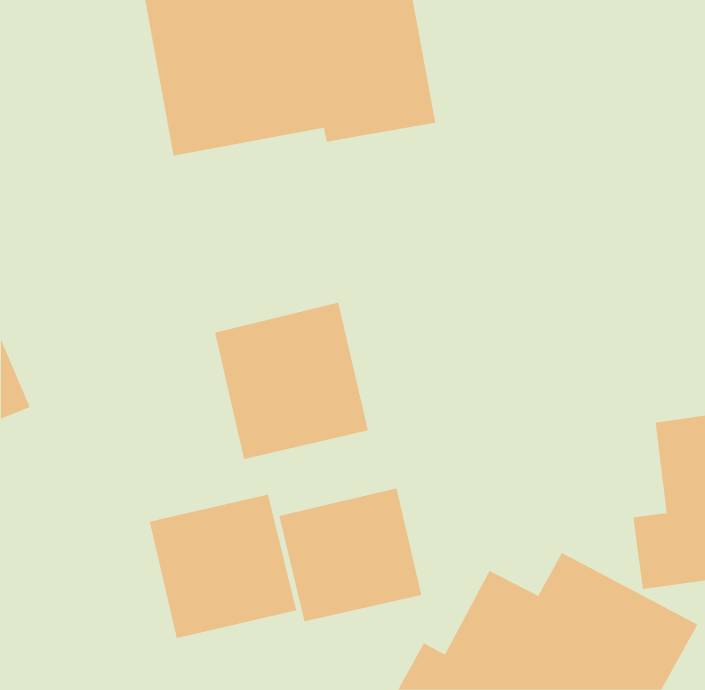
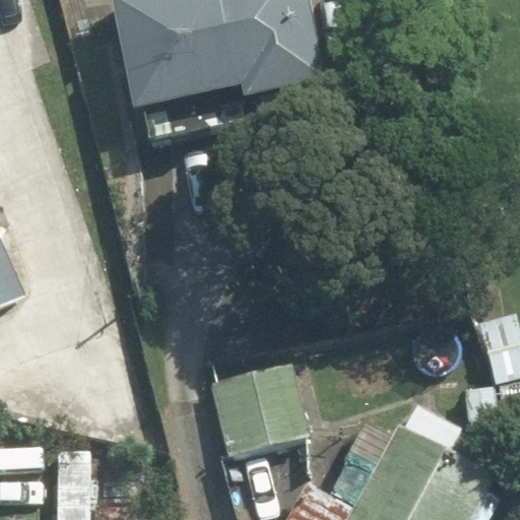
building: [214,302,369,460] -> none
building: [149,494,297,639] -> none

